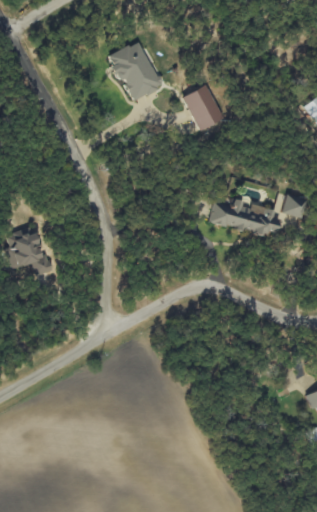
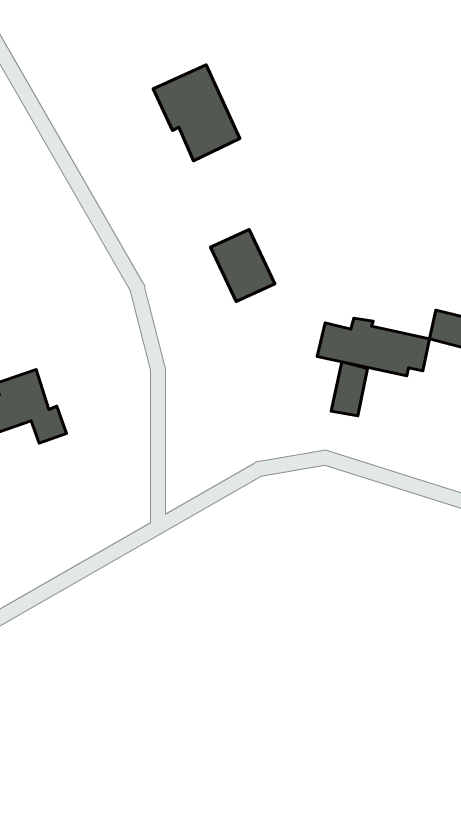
building: [183,85,223,130] -> [211,229,275,302]
building: none -> [331,362,368,416]

